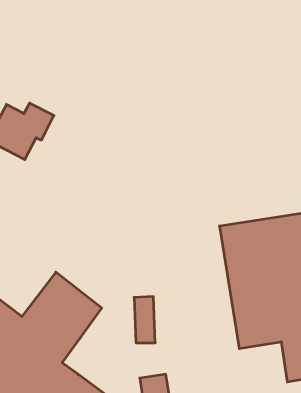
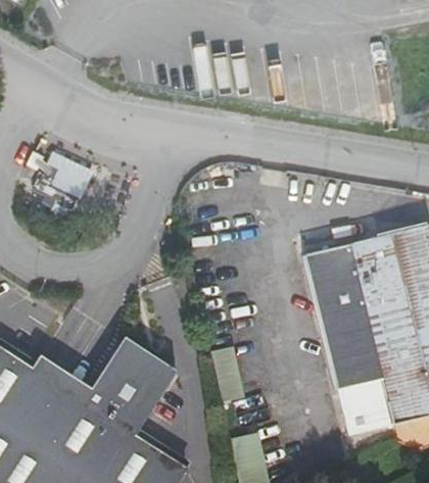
building: none -> [330,383,394,440]

